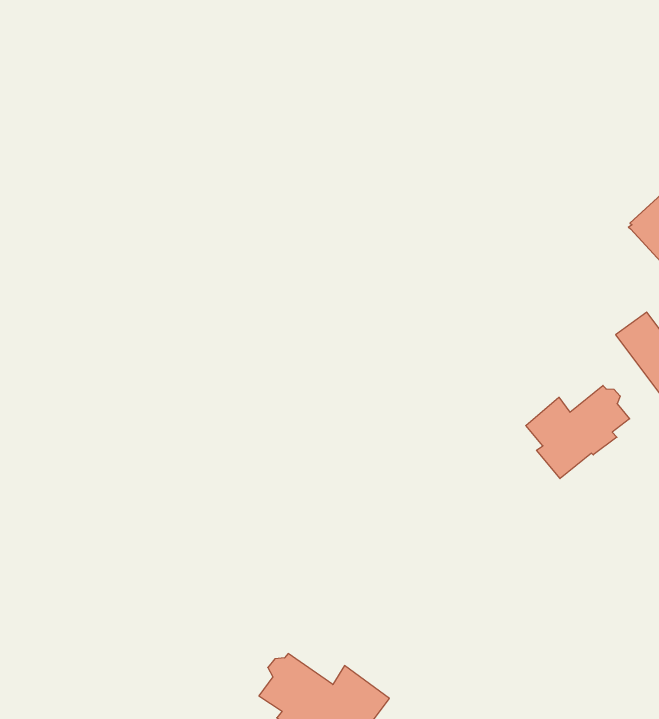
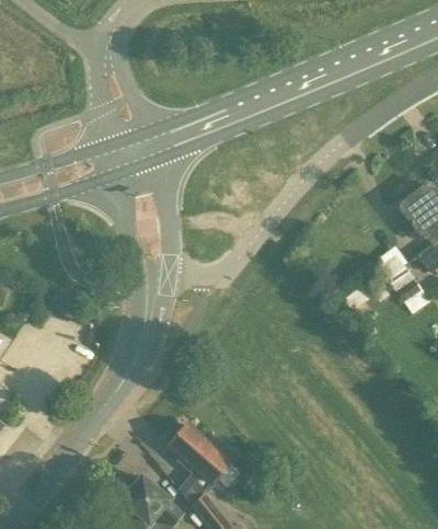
building: [526,385,630,479] -> none

